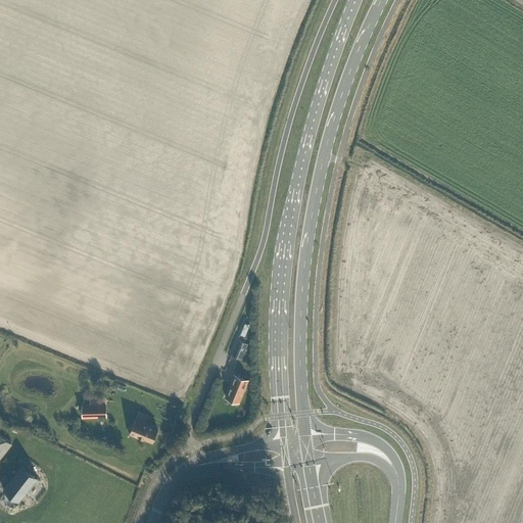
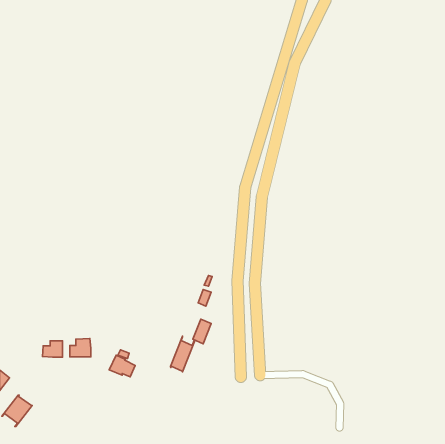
building: none -> [170,336,194,372]
building: none -> [42,341,63,357]

